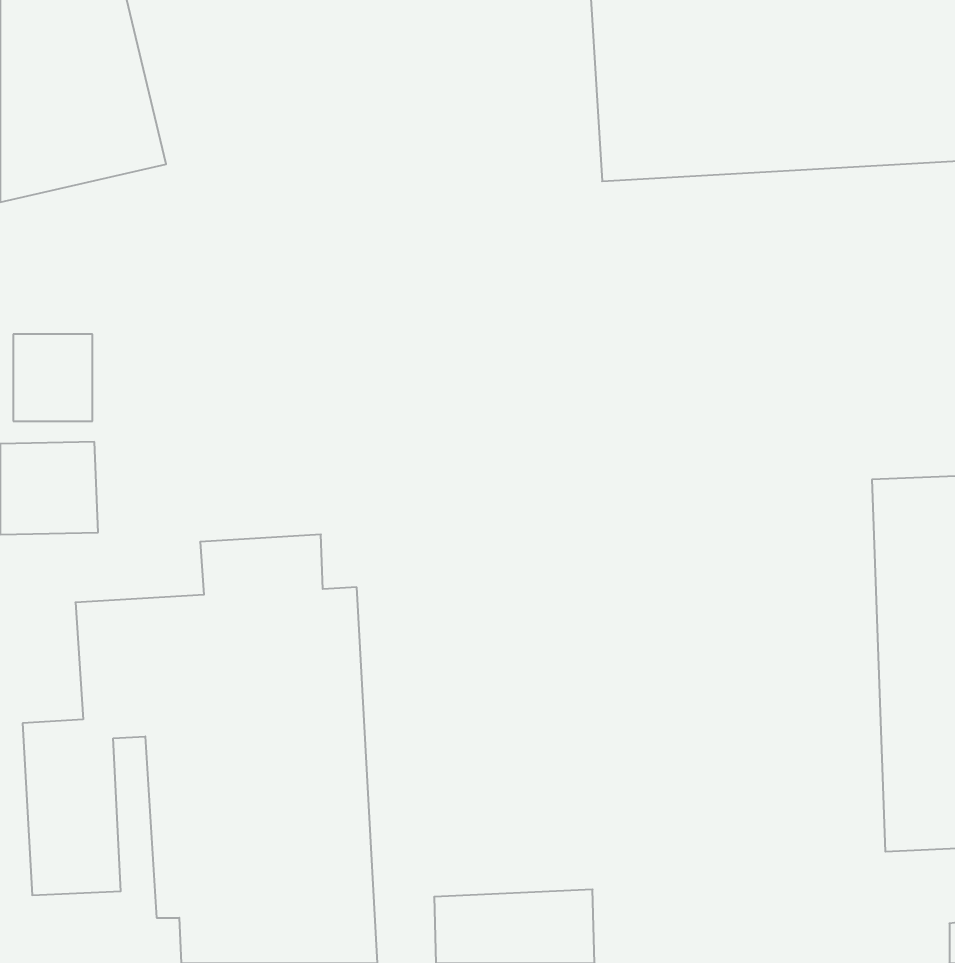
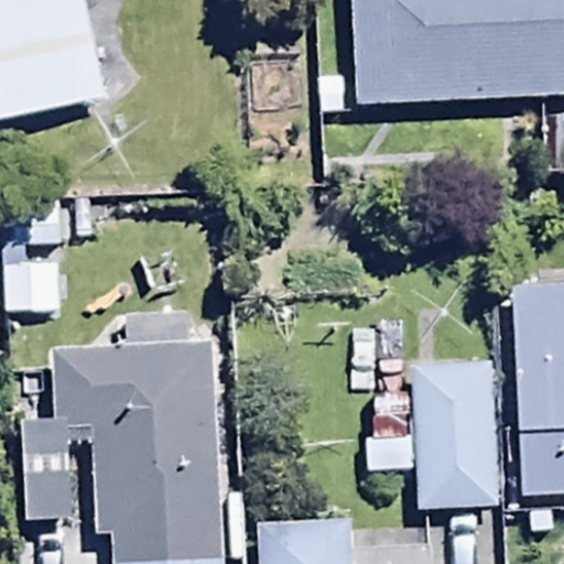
building: none -> [366,362,500,510]

